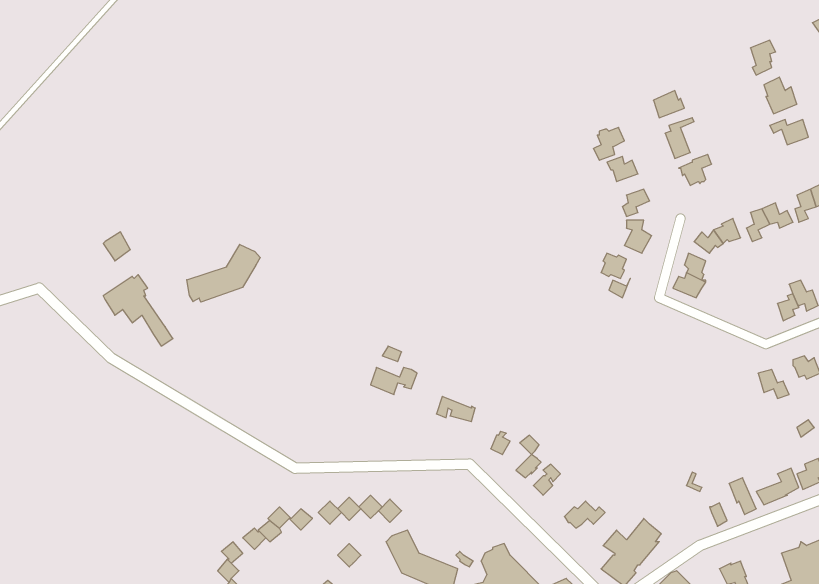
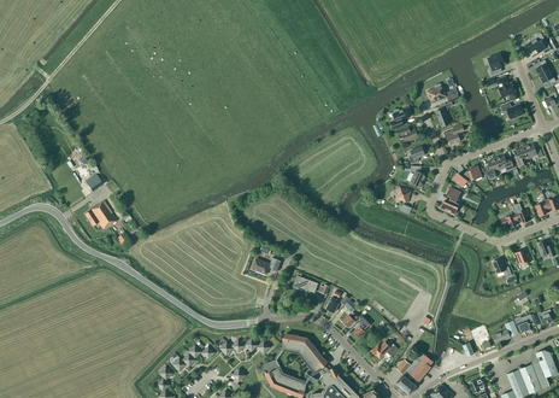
building: [187,244,260,302] -> none
building: none -> [283,334,325,371]

